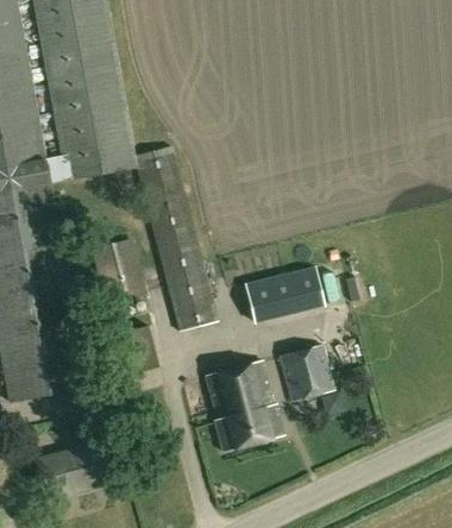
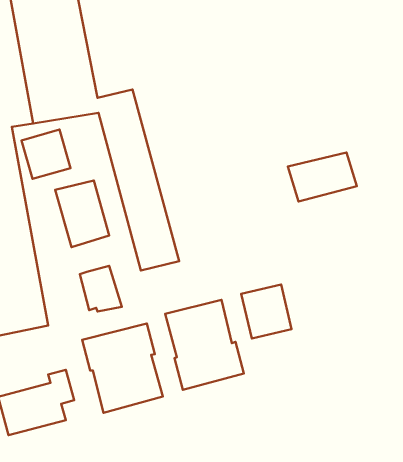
building: none -> [22,130,70,179]
building: [256,274,326,323] -> [288,152,357,202]
building: none -> [82,323,163,413]

